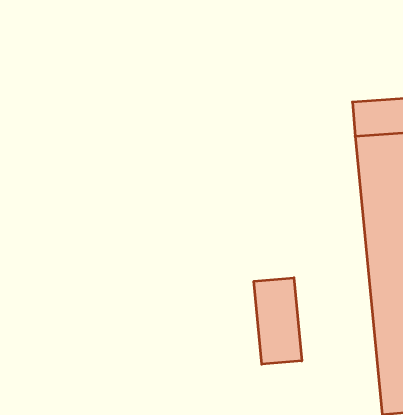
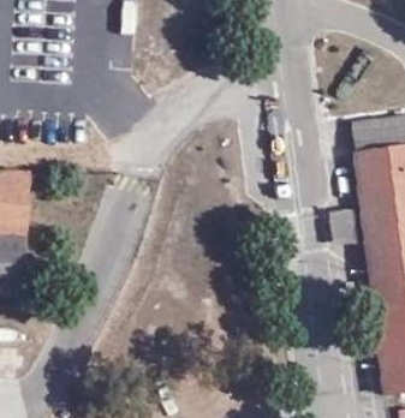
building: [254,278,302,364] -> none

